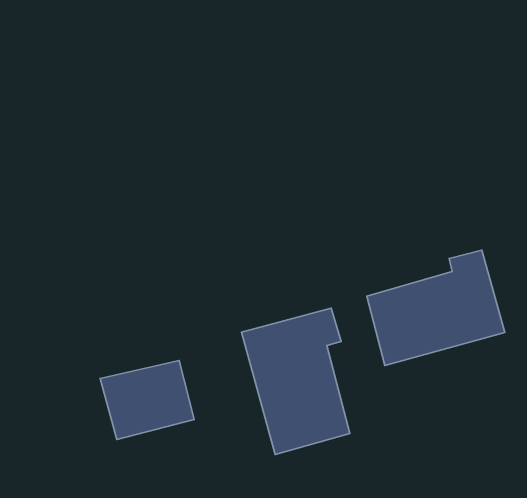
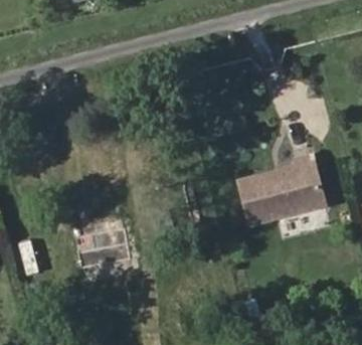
building: [242,308,350,455] -> none

